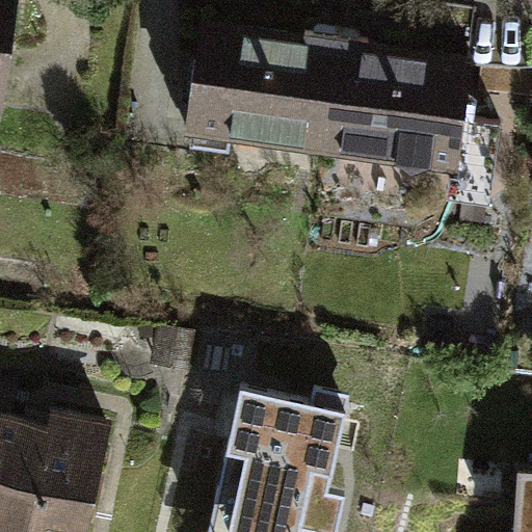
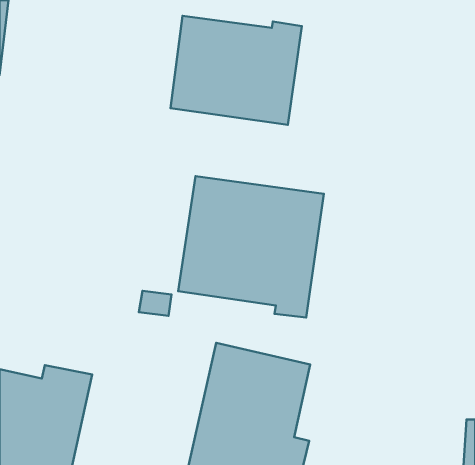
building: [321,42,499,193] -> none
building: none -> [178,176,324,318]

